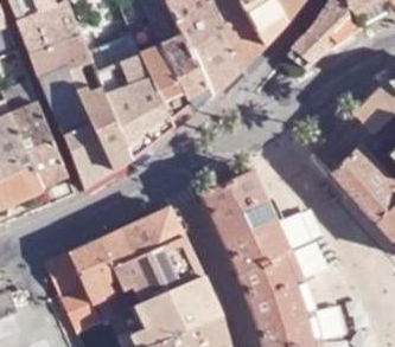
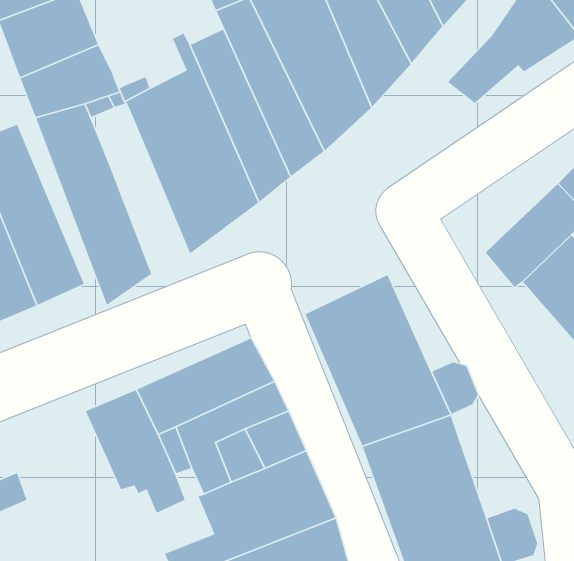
building: [84,92,133,169] -> none
building: [44,251,100,329] -> none

